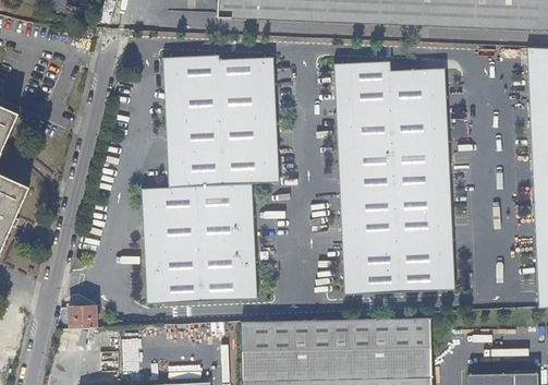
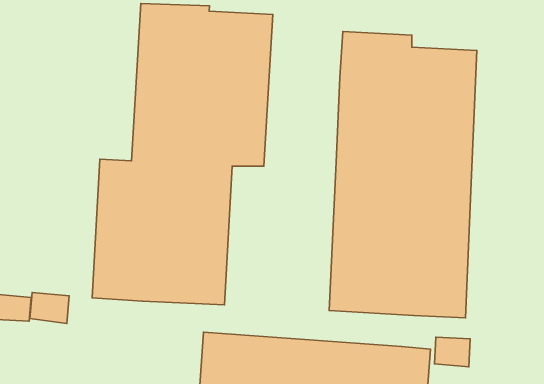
building: none -> [30,292,69,323]
building: none -> [434,337,470,367]

